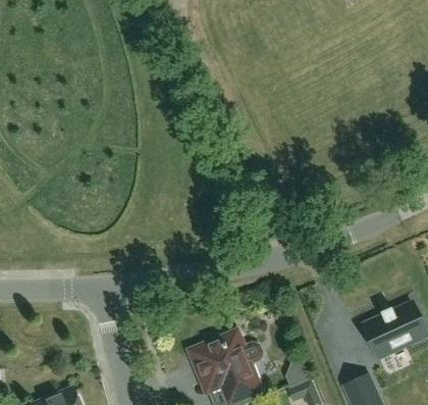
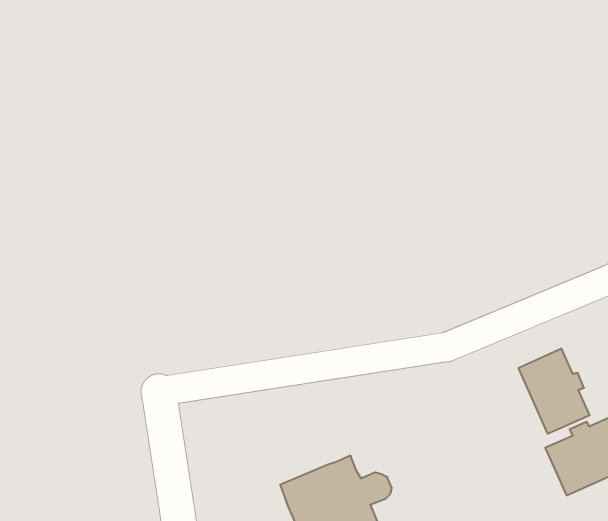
building: none -> [518,348,590,434]

